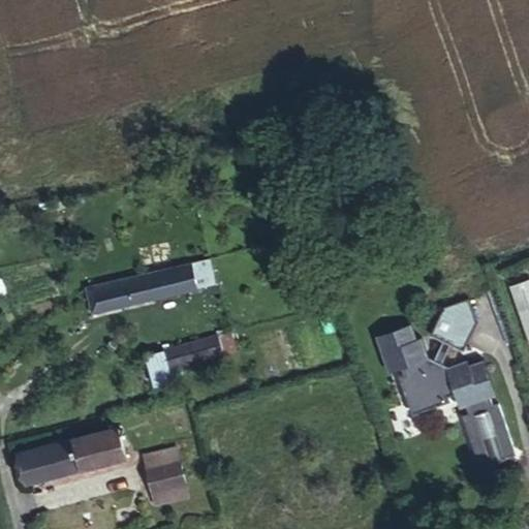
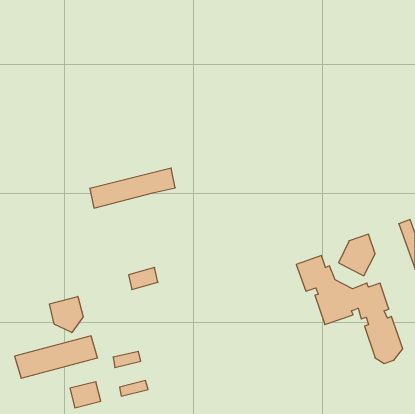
building: [87,263,195,314] -> [90,168,175,208]
building: none -> [50,296,83,333]
building: [146,461,185,494] -> [70,382,101,408]

